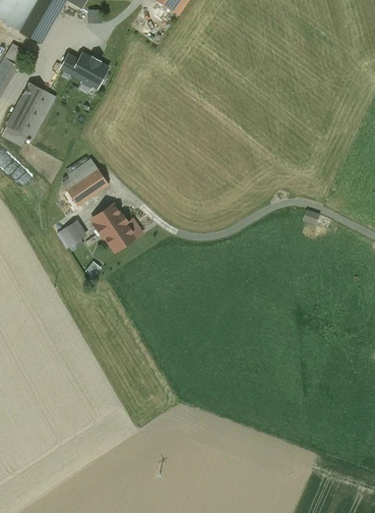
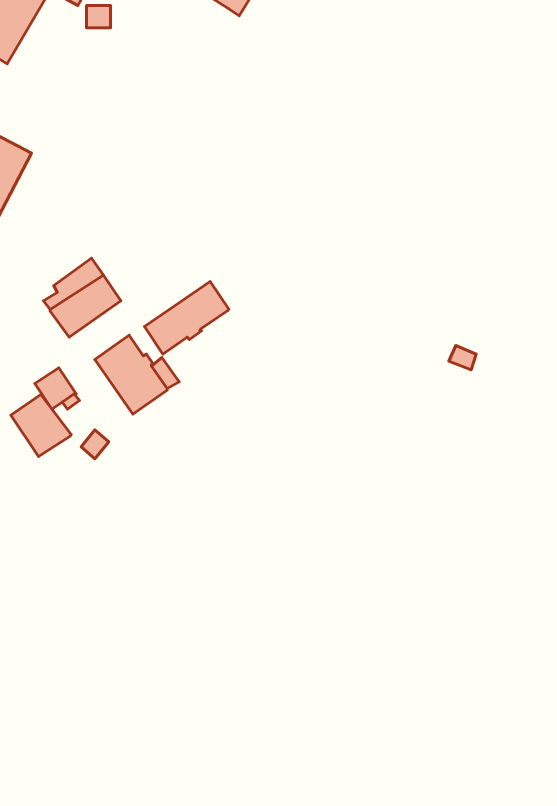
building: [61,53,108,87] -> none
building: none -> [144,281,229,354]
building: none -> [11,394,71,456]

